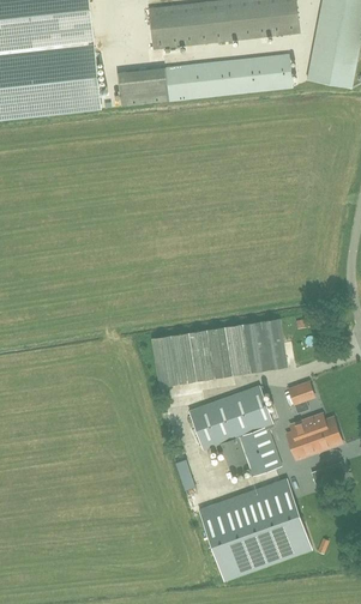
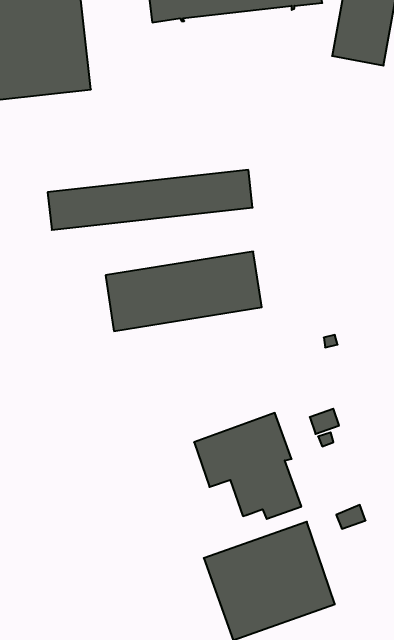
building: [116,54,293,105] -> [48,170,253,230]
building: [151,318,285,386] -> [106,252,262,331]
building: [285,413,341,459] -> none

